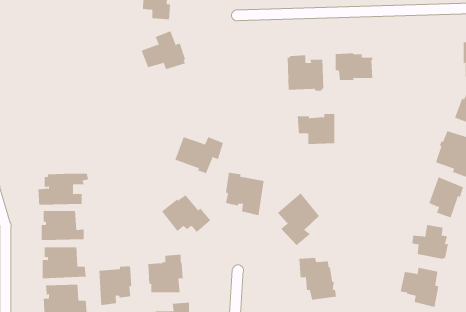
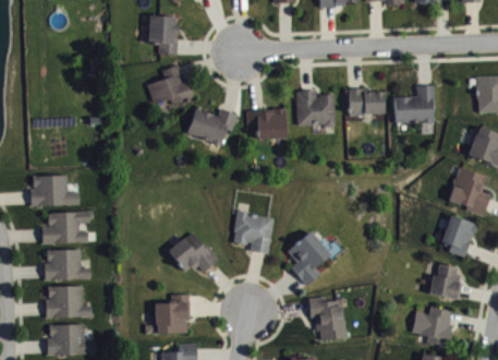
building: none -> [394,85,436,123]
building: [297,114,335,145] -> [246,108,286,140]
building: [175,136,224,174] -> [187,108,238,146]
building: none -> [31,175,80,205]
building: [99,266,132,306] -> none

